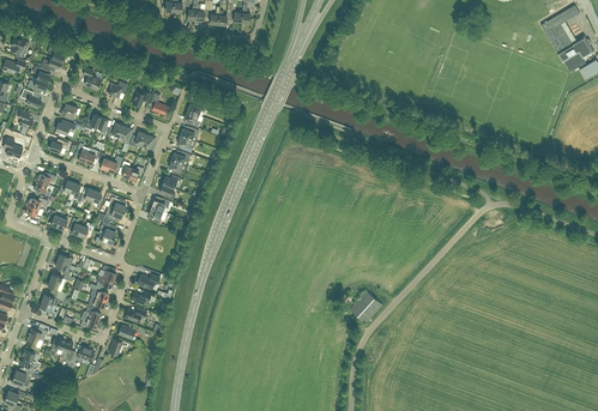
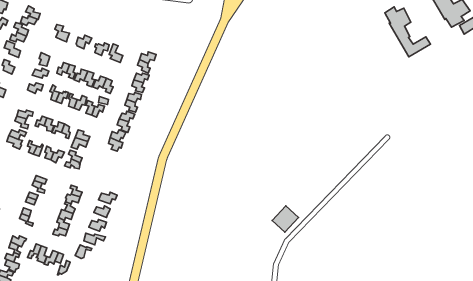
building: none -> [385,7,430,57]

